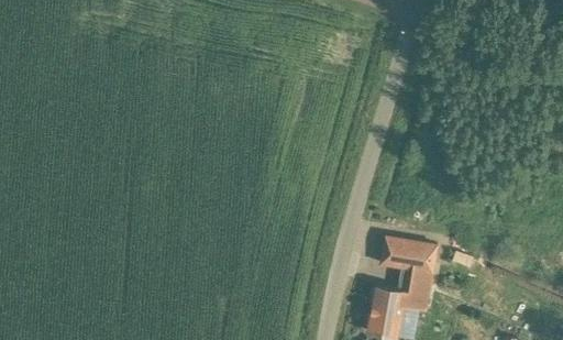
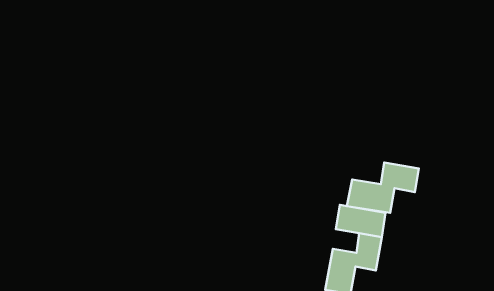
building: none -> [347,162,419,213]

